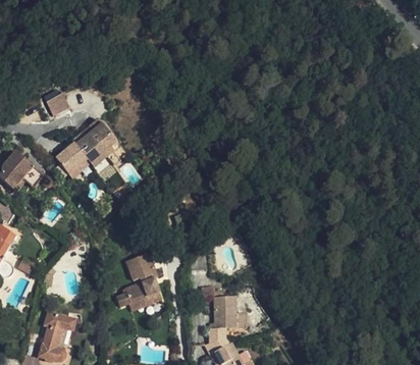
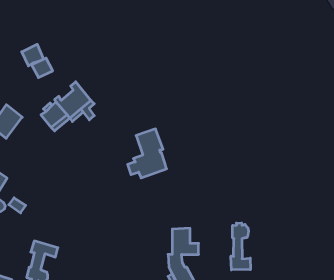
building: none -> [22,44,44,66]
building: [115,253,162,312] -> [128,129,167,178]
building: none -> [231,223,250,270]

